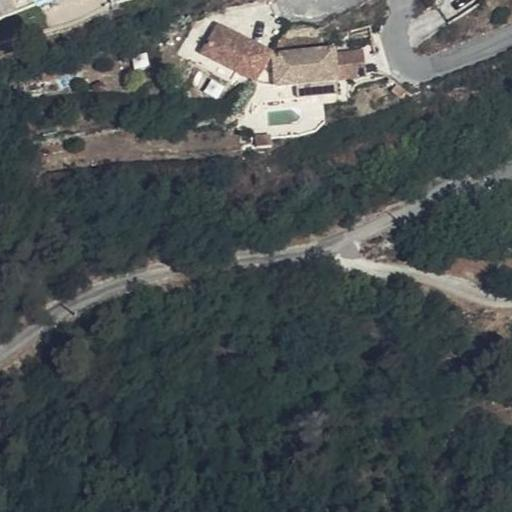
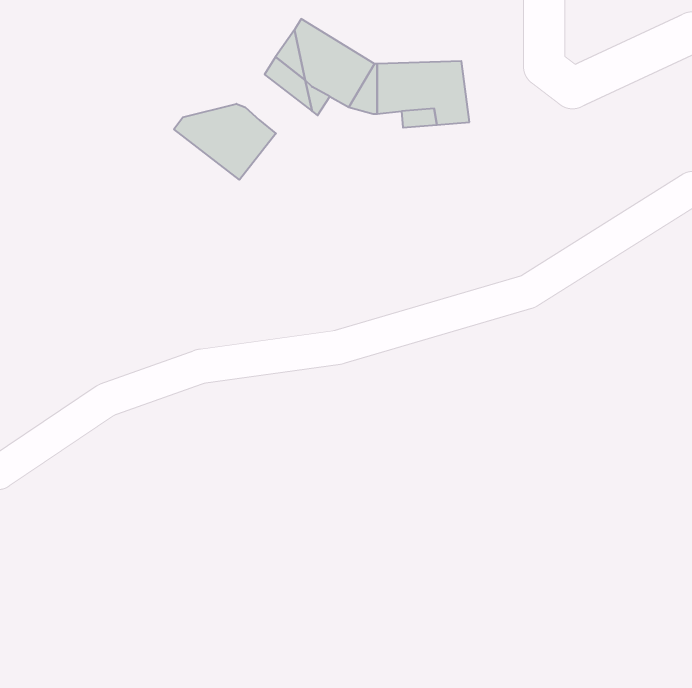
building: none -> [174,104,276,180]

